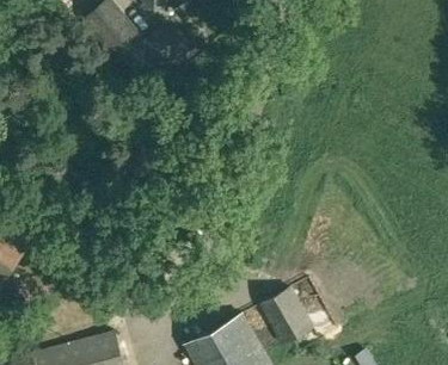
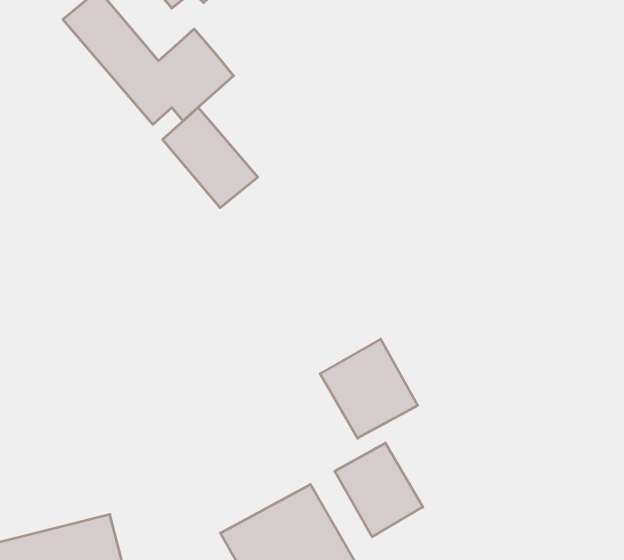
building: none -> [163,108,258,208]
building: none -> [320,339,418,438]

